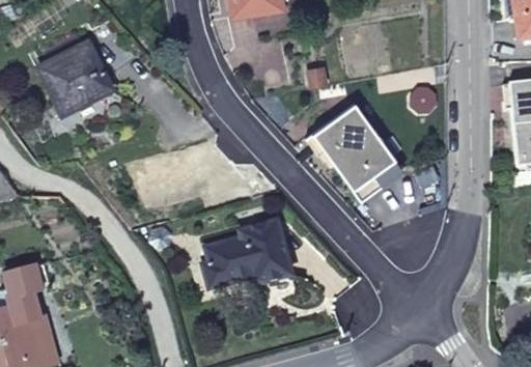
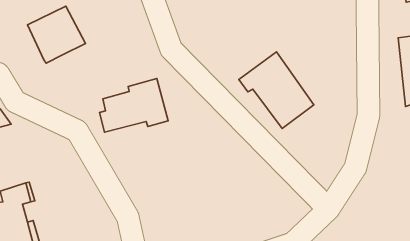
building: [203,219,290,287] -> [100,78,168,132]

